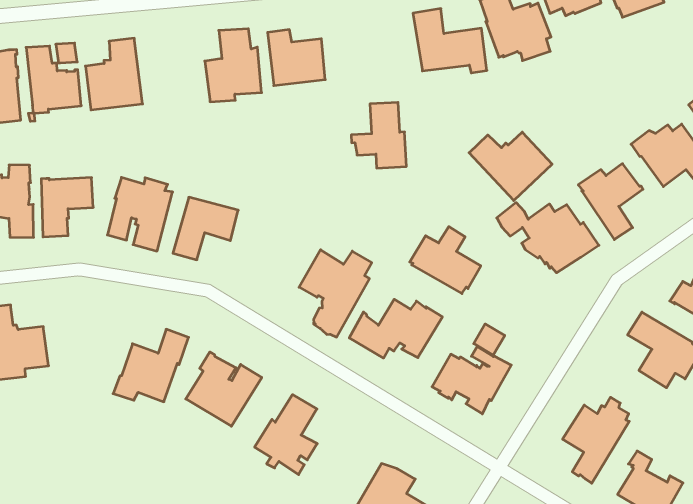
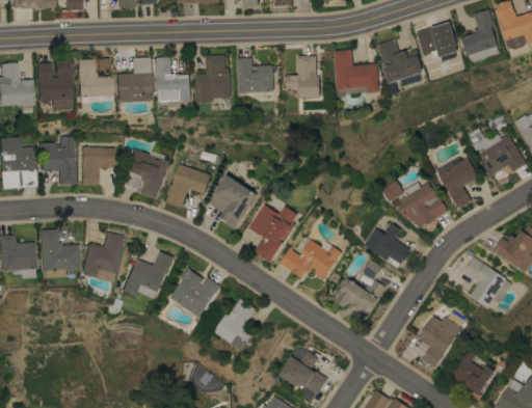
building: none -> [155,57,191,101]
building: [351,102,406,168] -> [284,55,319,98]
building: [469,132,552,201] -> none
building: none -> [209,174,258,228]
building: [410,227,481,294] -> [364,222,410,267]
building: none -> [82,232,124,282]

